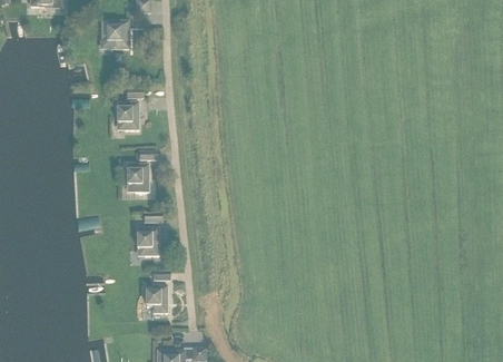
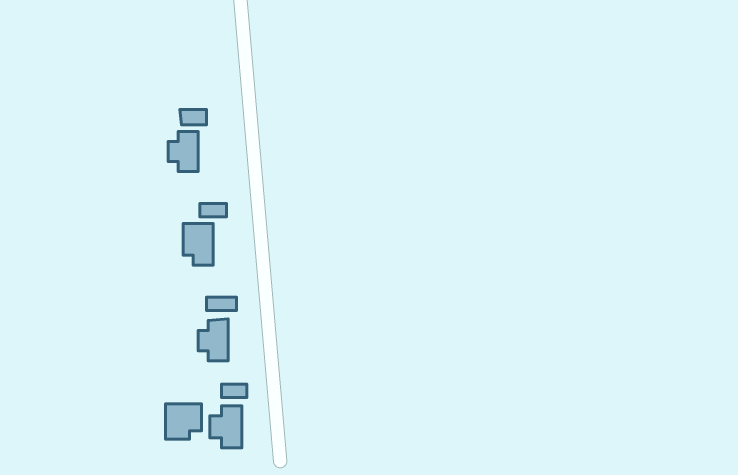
building: [101,20,128,48] -> none
building: none -> [166,404,201,439]

